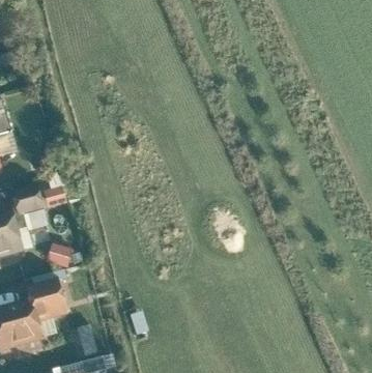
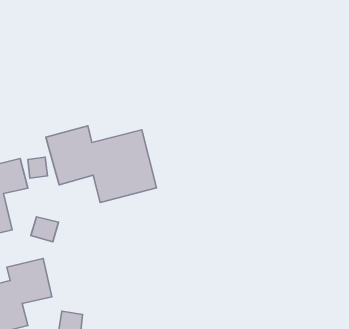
building: none -> [46,126,156,203]

